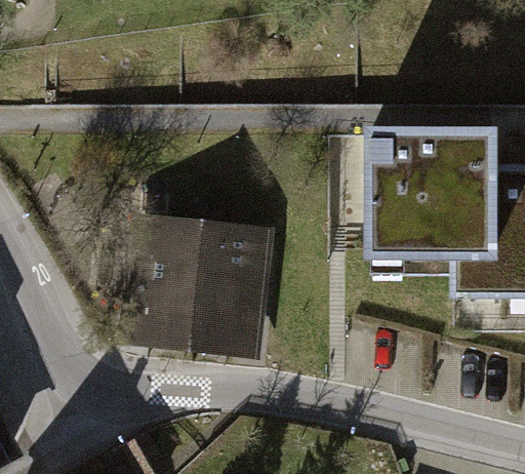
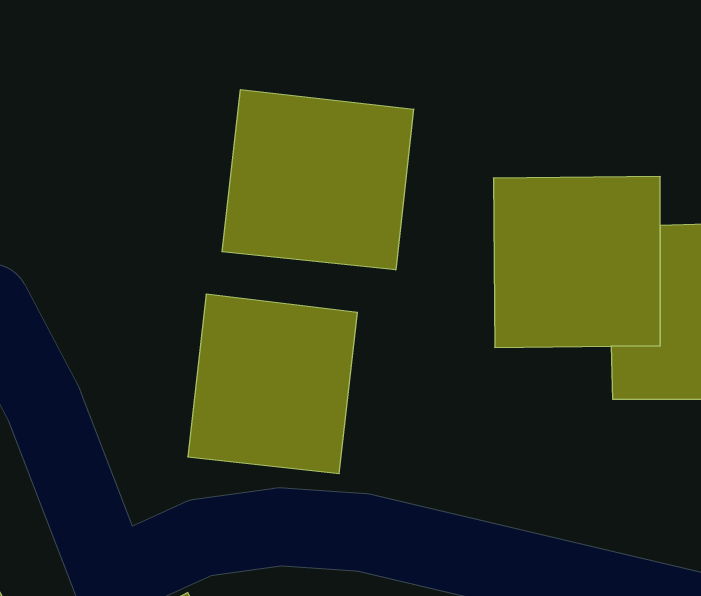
building: none -> [222,90,414,270]

